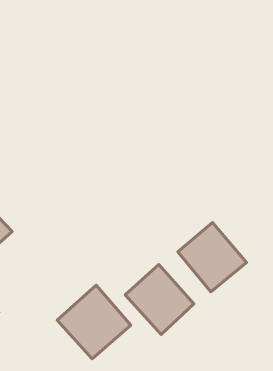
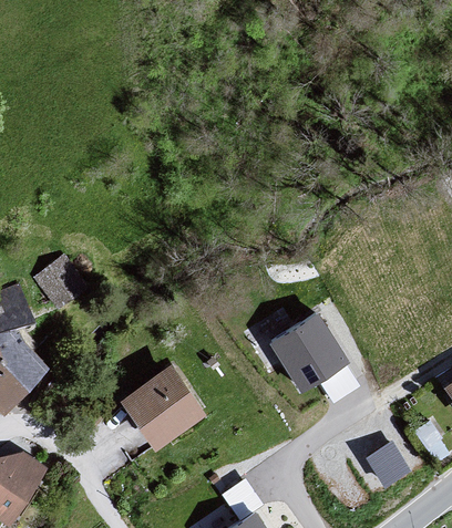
building: [125,265,194,334] -> none

